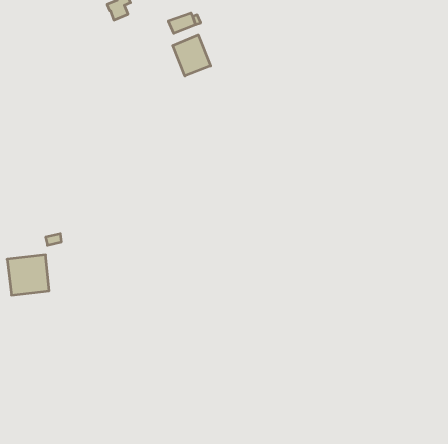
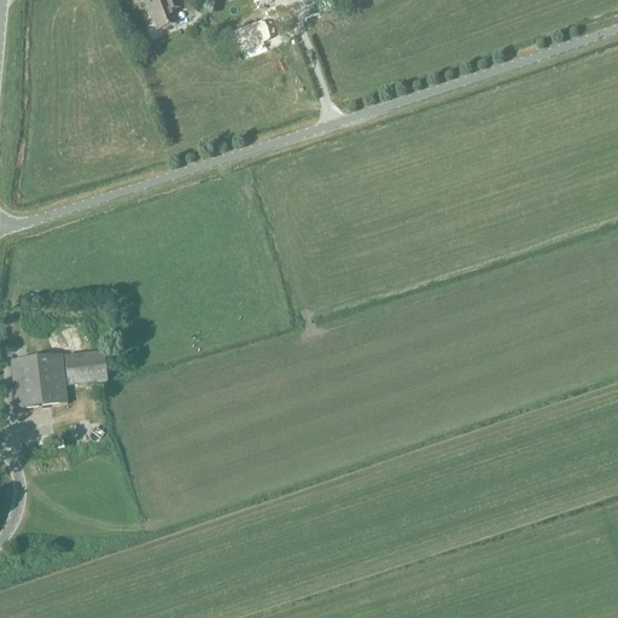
building: [173,35,211,76] -> none
building: none -> [64,349,107,383]

